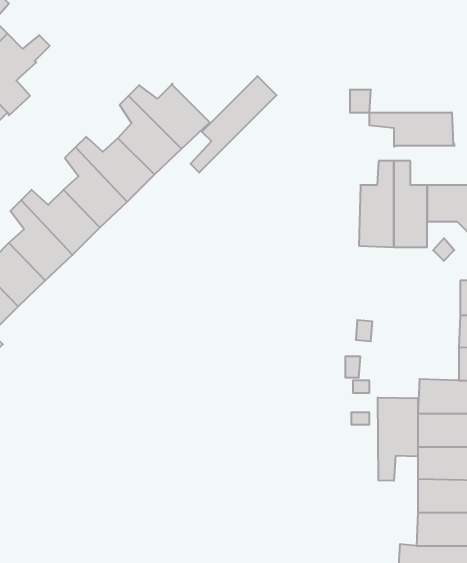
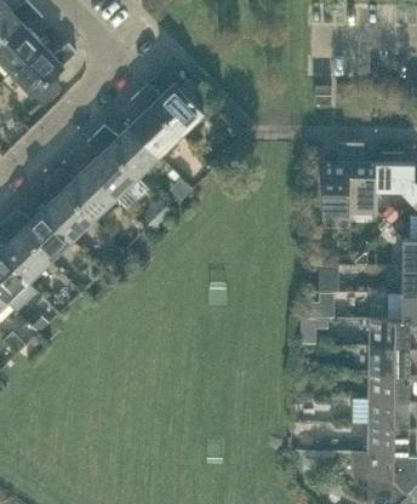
building: [191,76,277,173] -> none
building: [369,112,454,147] -> none
building: [378,397,418,481] -> none

